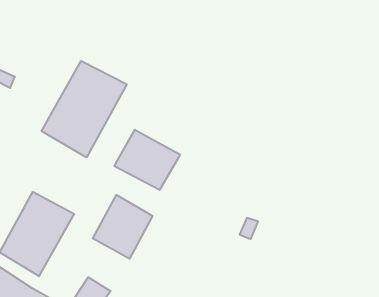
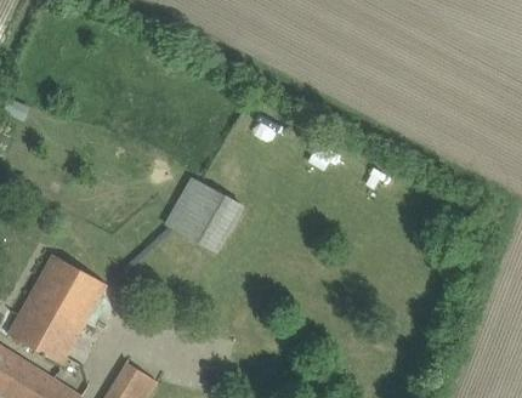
building: [42,61,127,157] -> none
building: [93,195,152,259] -> none

